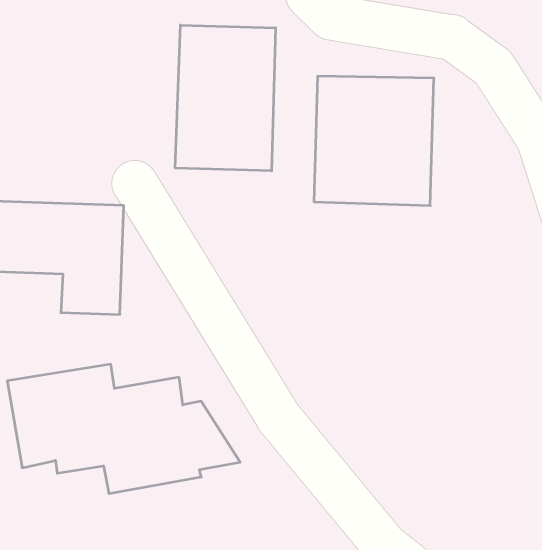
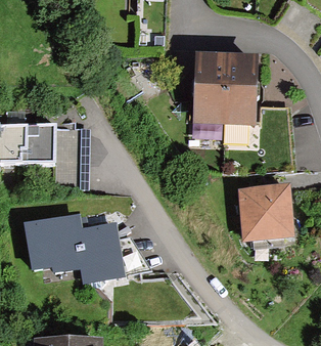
building: [175,25,275,171] -> none
building: none -> [238,183,295,240]

